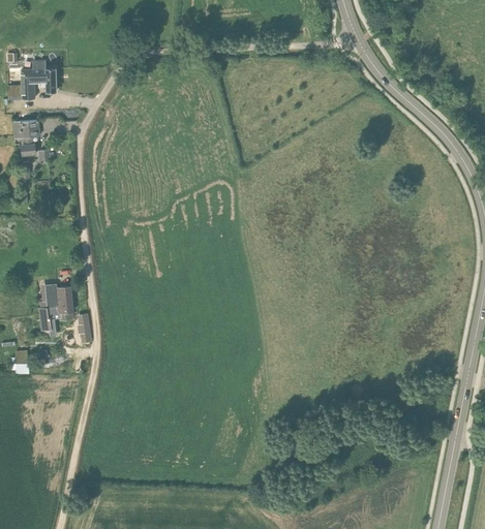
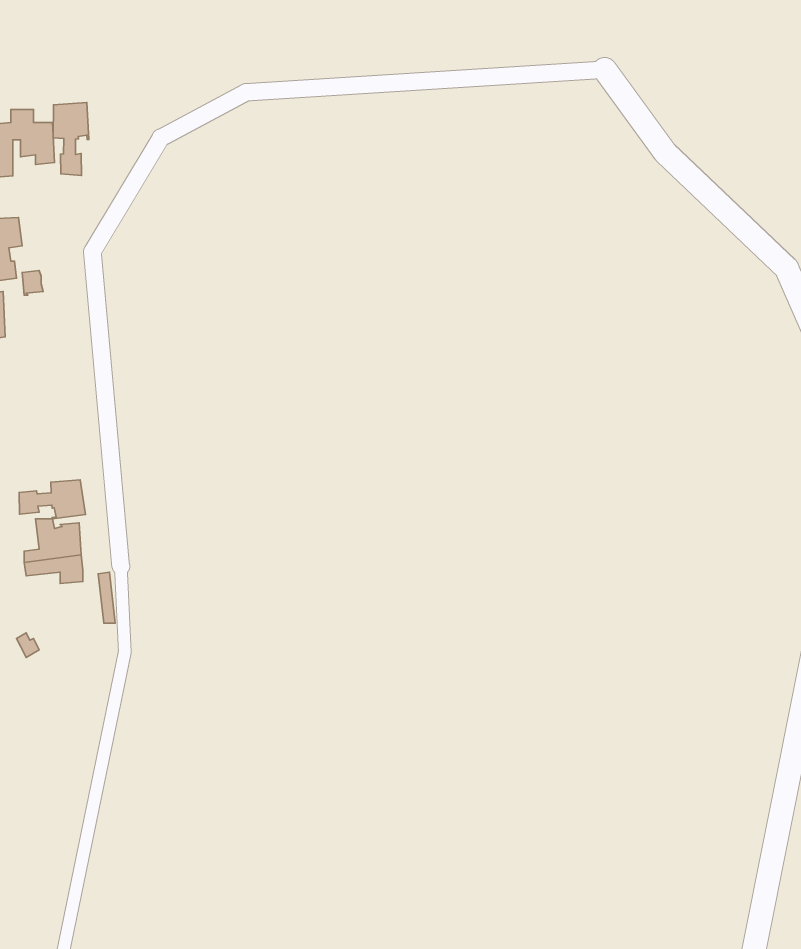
building: none -> [53,103,89,175]
building: none -> [19,480,86,519]

